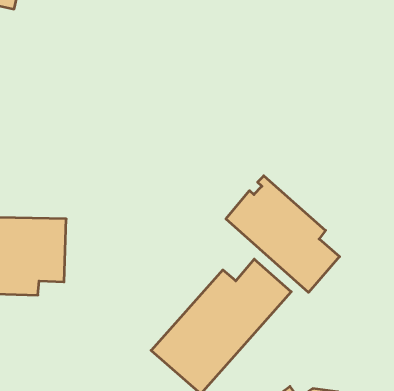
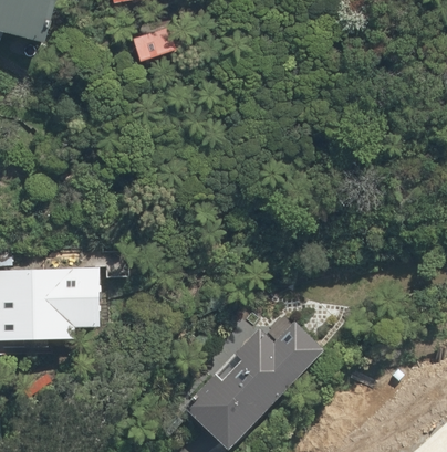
building: [226,176,340,292] -> none

